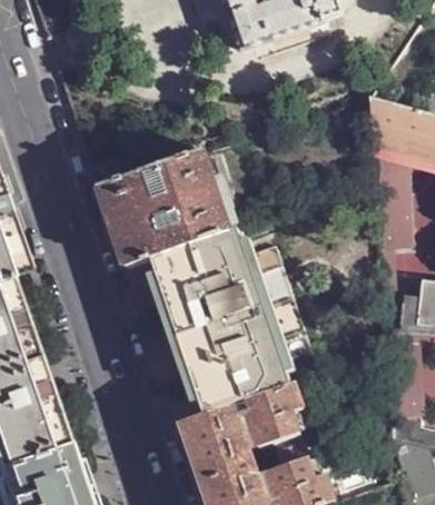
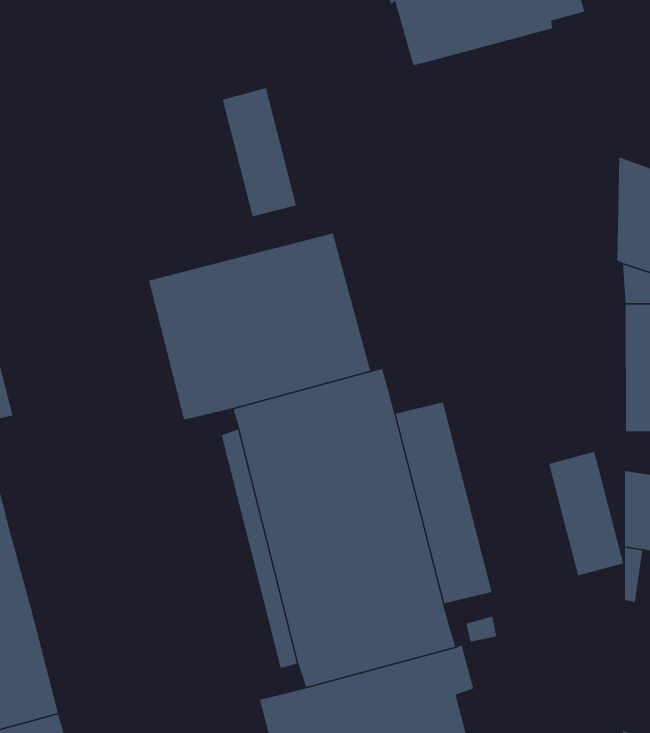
building: none -> [222,87,297,218]
building: none -> [548,451,624,576]

